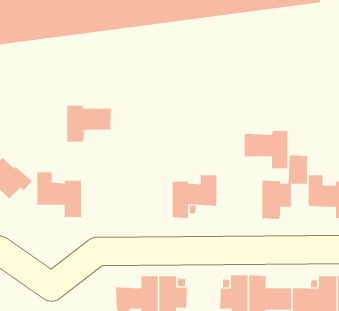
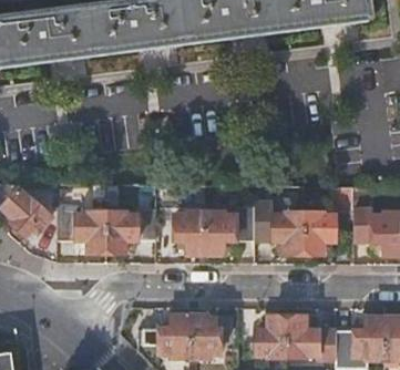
building: [66,105,112,142] -> [105,213,155,254]
building: [244,130,288,169] -> [254,213,302,255]
building: none -> [172,213,204,254]

